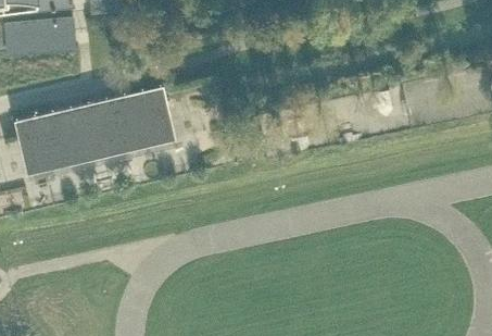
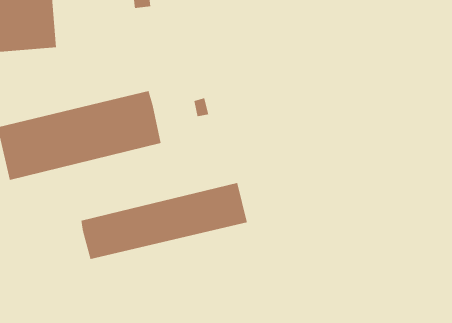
building: none -> [81,182,248,260]

